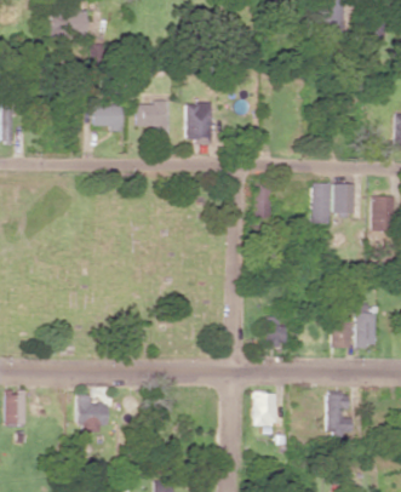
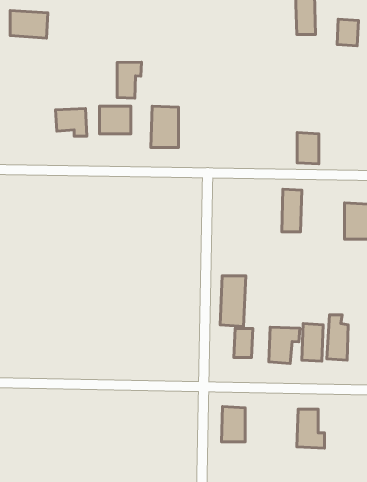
building: none -> [117,62,141,98]
building: [333,184,354,214] -> [297,133,319,164]
building: none -> [220,276,246,326]
building: none -> [269,327,300,363]
building: [76,395,107,430] -> none

